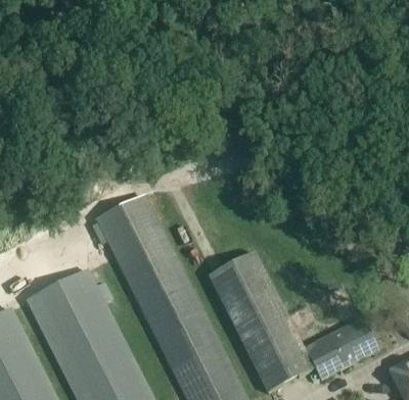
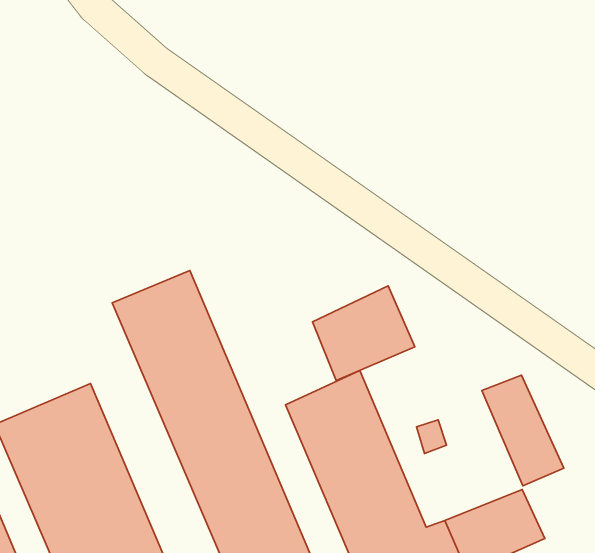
building: none -> [313,286,415,380]
building: none -> [482,375,564,486]

